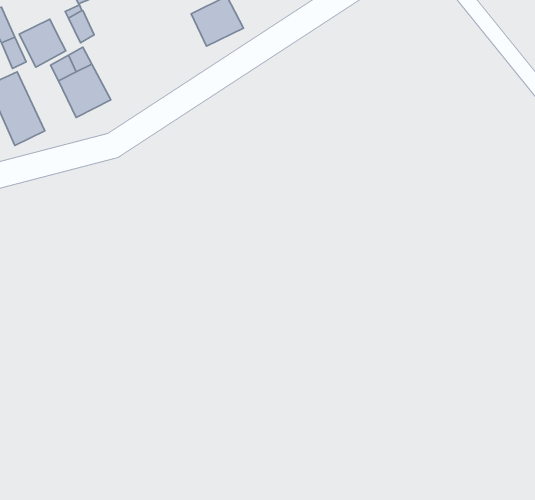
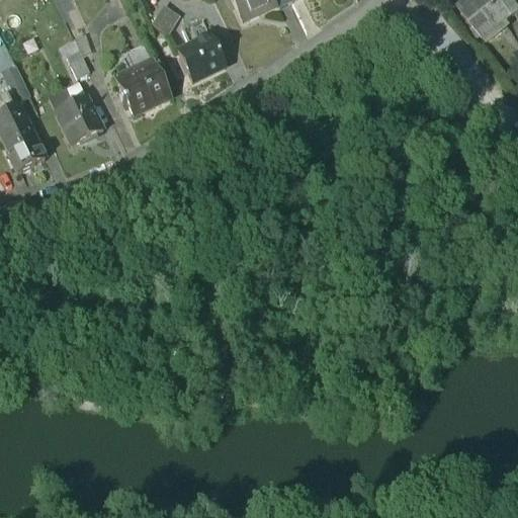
building: [19,19,66,67] -> none
building: none -> [116,63,171,113]

